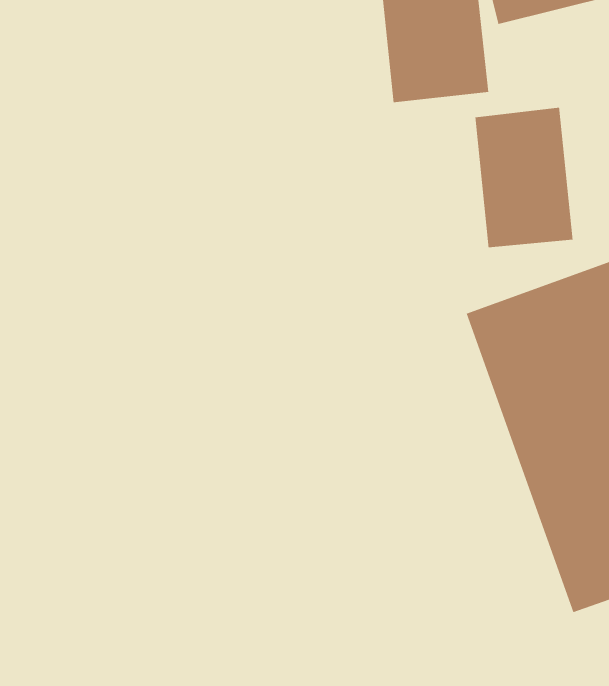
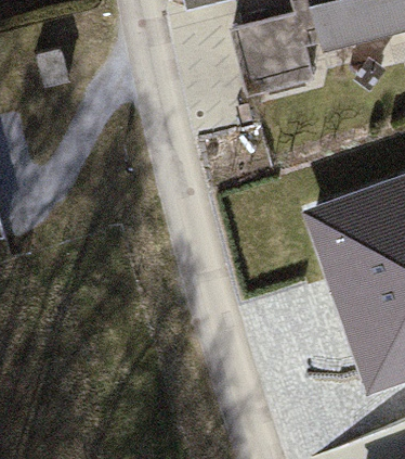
building: [475,107,573,248] -> none

